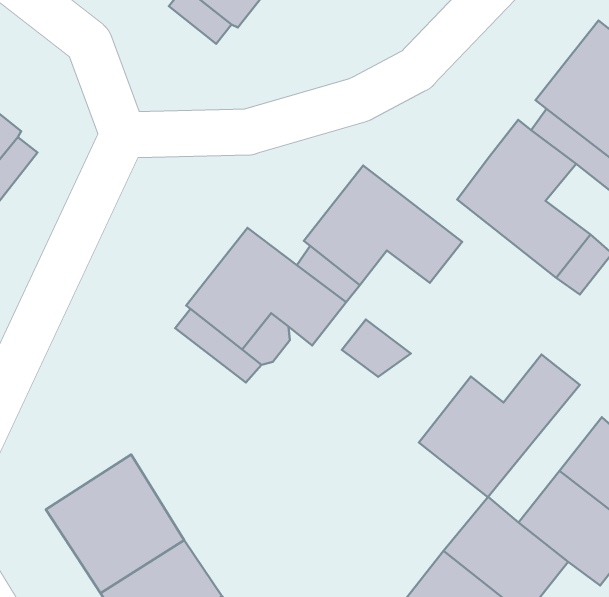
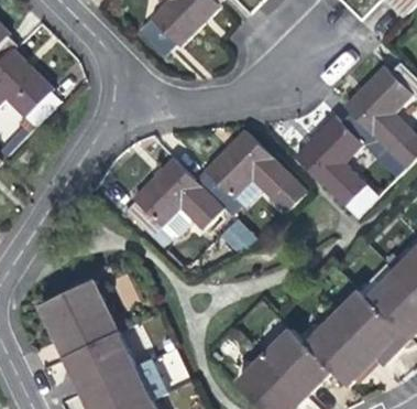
building: [419,354,580,497] -> none

